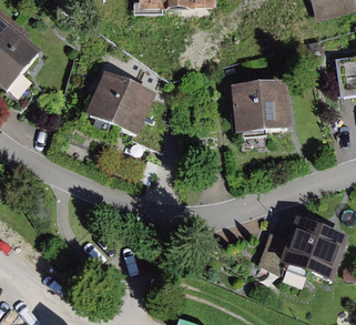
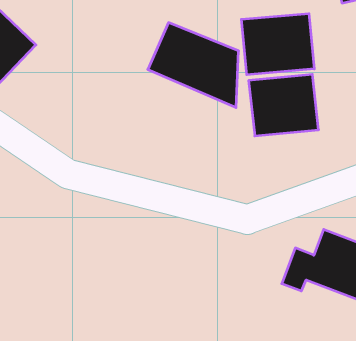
building: none -> [241,14,314,75]
building: [85,72,167,149] -> [148,23,239,108]

